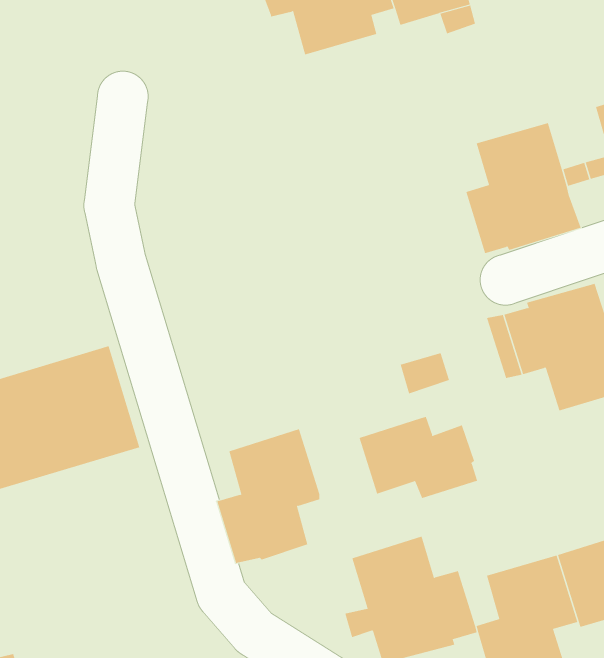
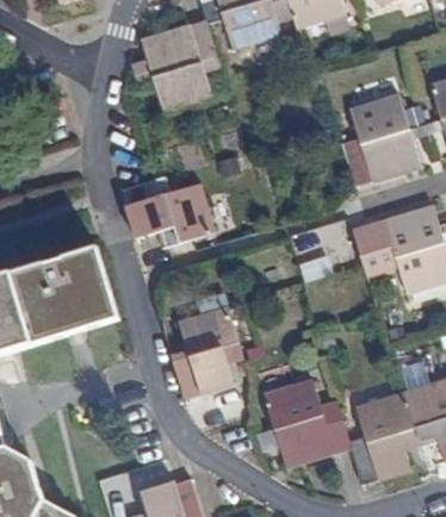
building: none -> [132,20,221,113]
building: none -> [123,176,215,247]
building: [359,416,478,499] -> none

